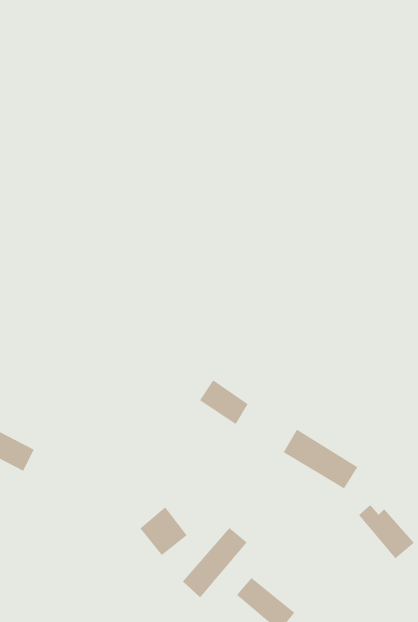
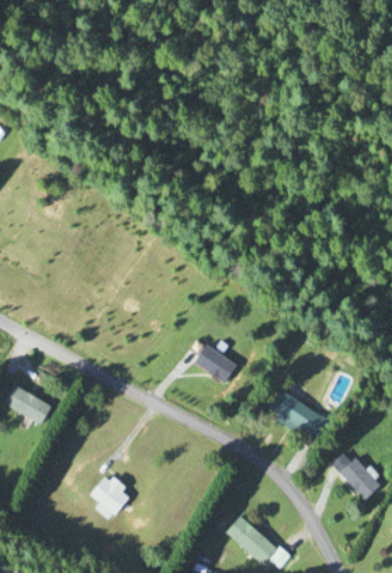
building: [140,506,188,556] -> [90,475,131,518]
building: [182,527,247,598] -> none

